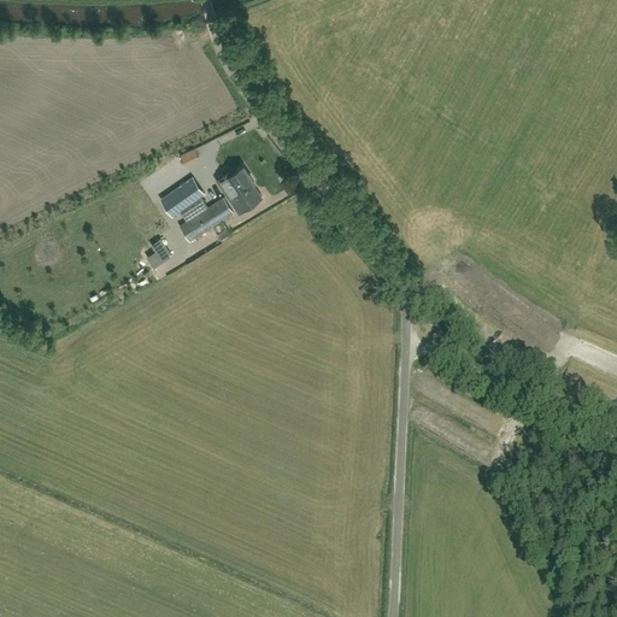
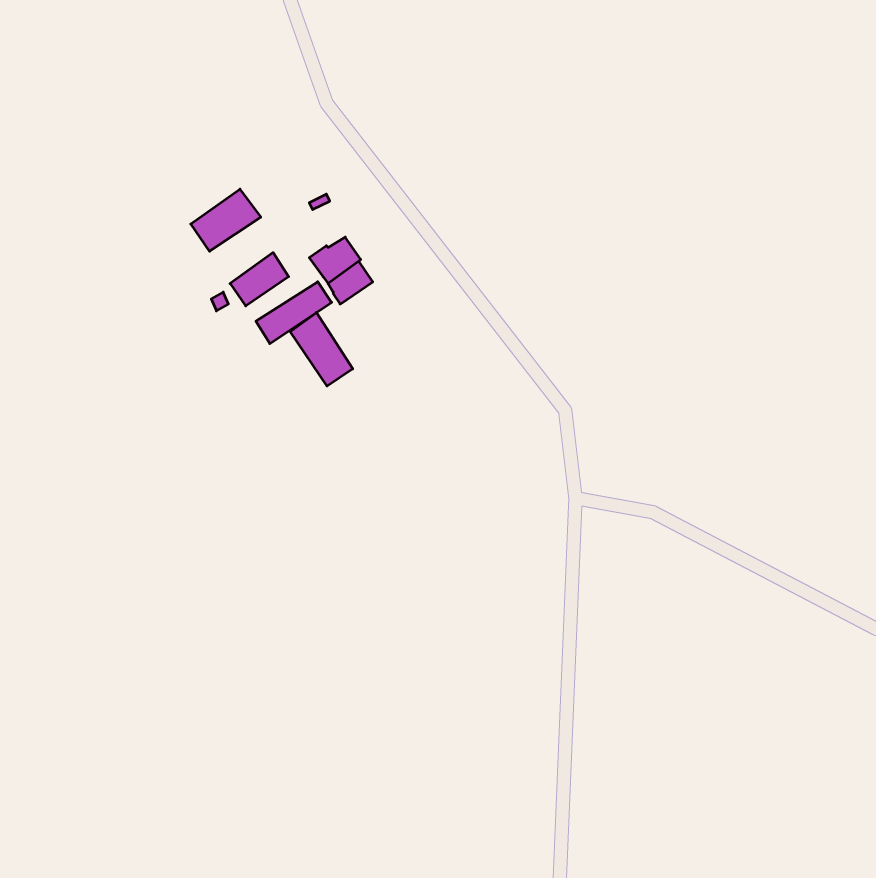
building: none -> [191,189,261,251]
building: none -> [290,312,353,386]

